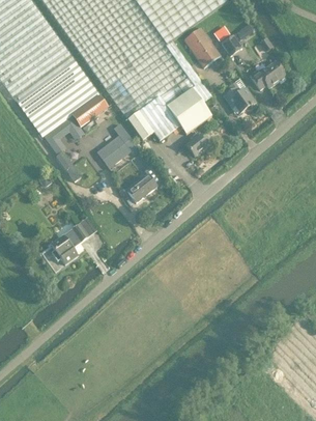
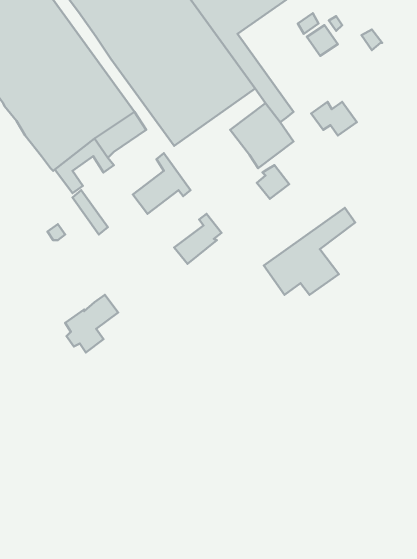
building: [184,26,221,66] -> none
building: [250,60,286,88] -> none
building: [127,78,192,139] -> [264,208,355,295]

